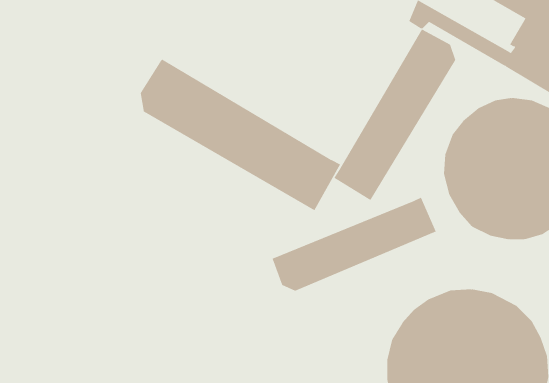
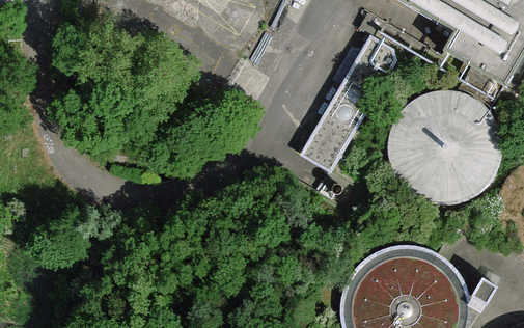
building: [140,59,341,211] -> none
building: [272,197,437,292] -> none

